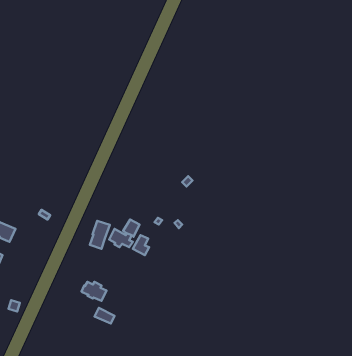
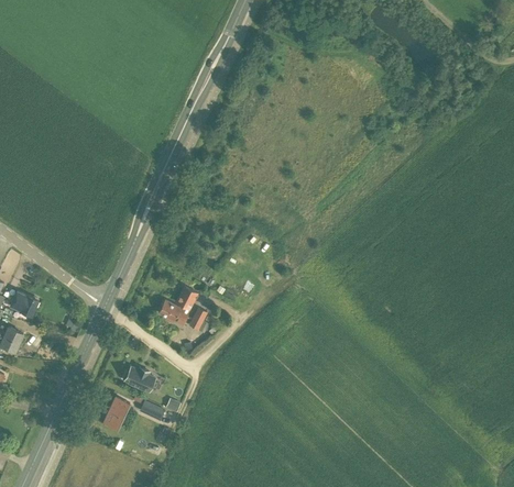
building: [90,221,110,249] -> none
building: none -> [102,395,131,429]

